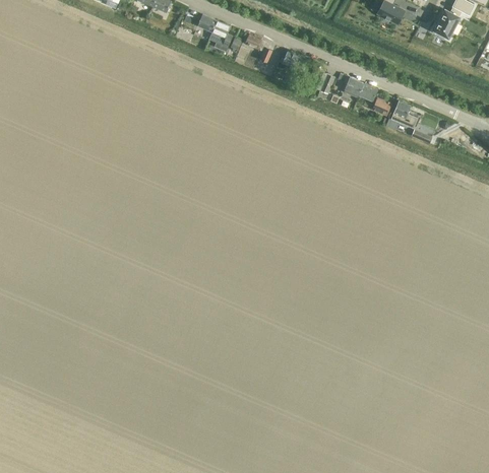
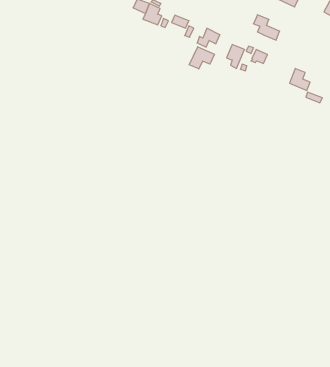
building: none -> [189,47,215,69]
building: [358,83,390,115] -> [253,15,280,40]

